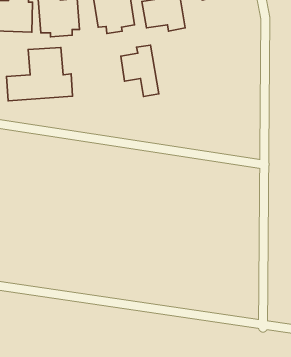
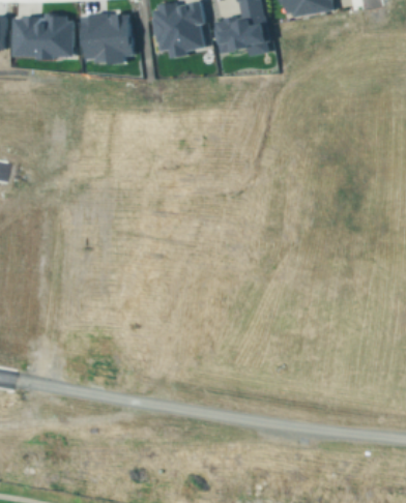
building: [121,45,159,96] -> none
building: [6,47,72,101] -> none

